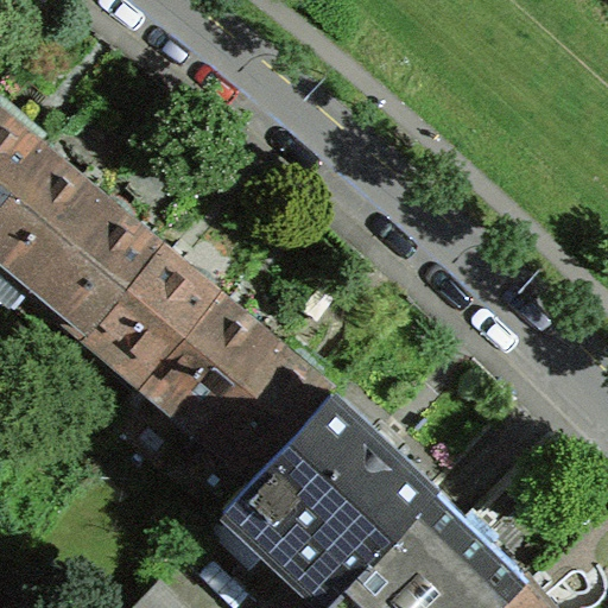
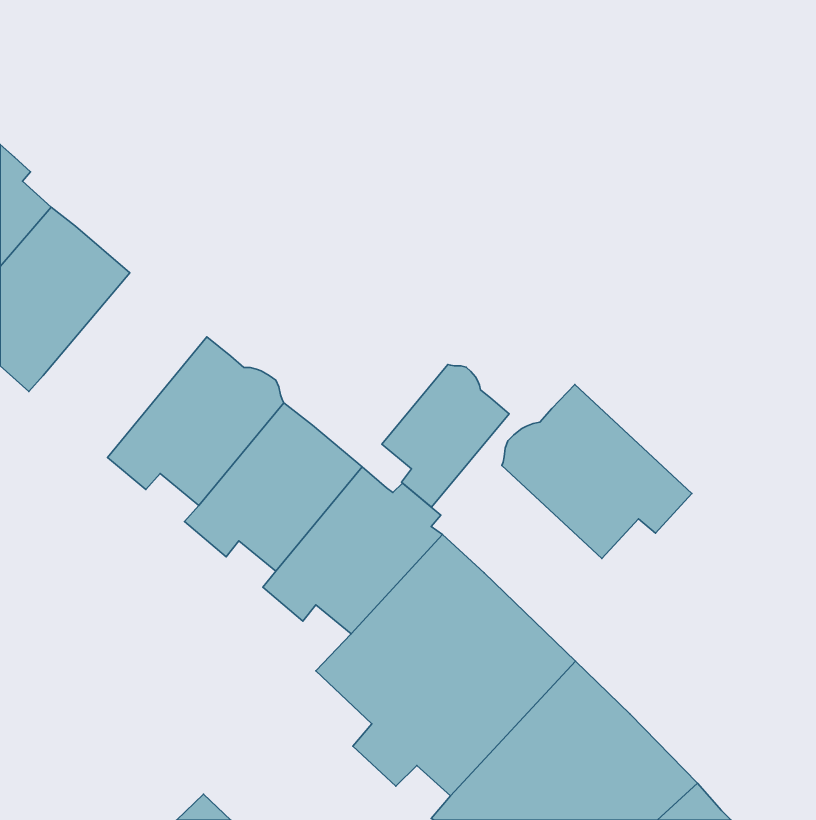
building: [34,202,156,338] -> none
building: none -> [382,364,509,507]
building: none -> [502,385,692,559]

